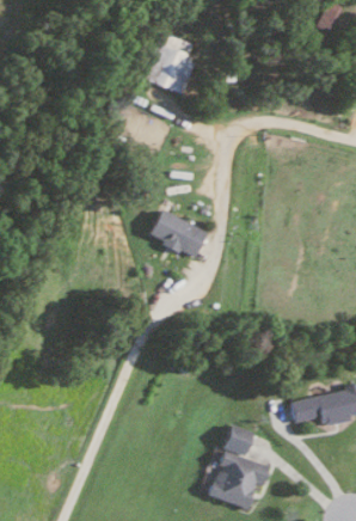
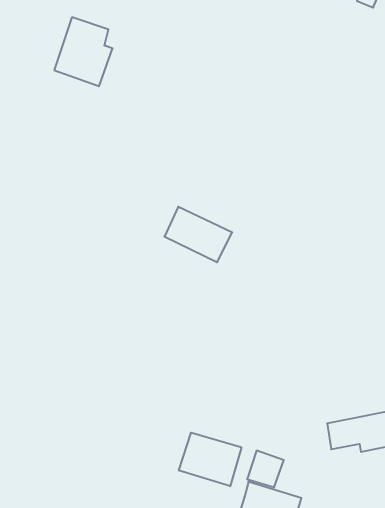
building: [145,33,196,94] -> [54,17,113,86]
building: none -> [179,433,241,486]

